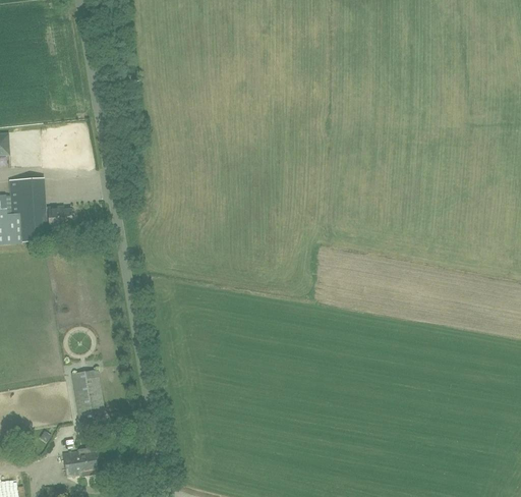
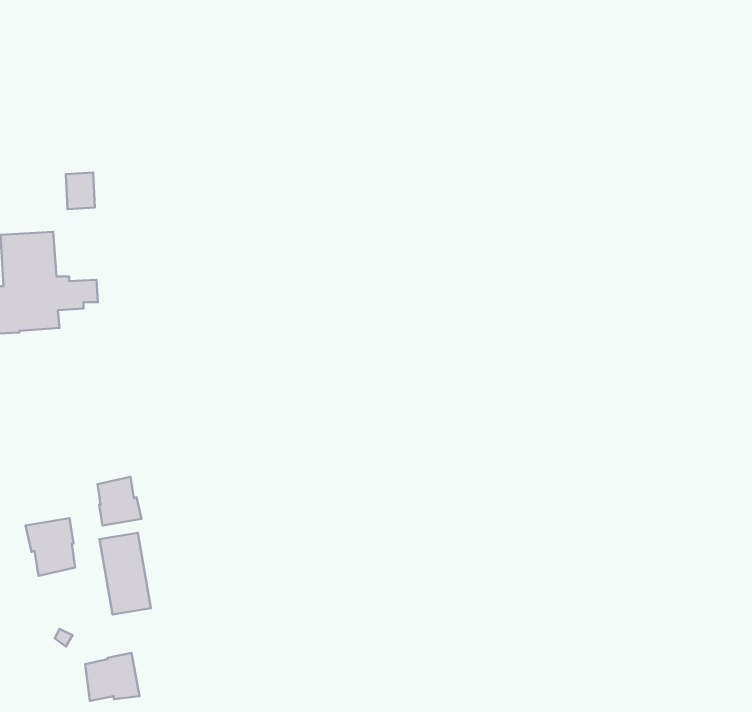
building: none -> [98,477,142,526]
building: none -> [25,518,75,576]

